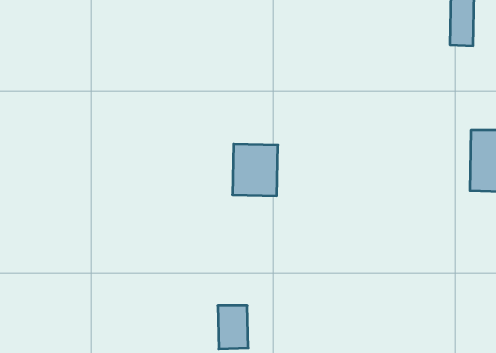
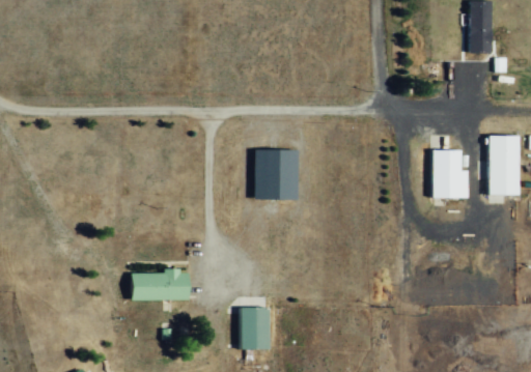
building: none -> [431,150,469,199]
building: none -> [131,270,190,302]

